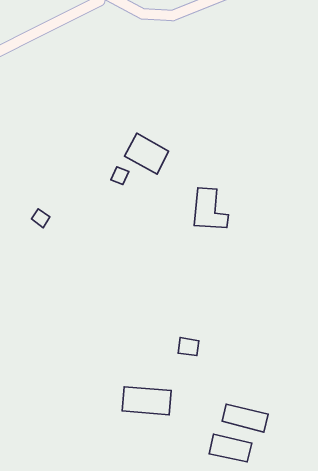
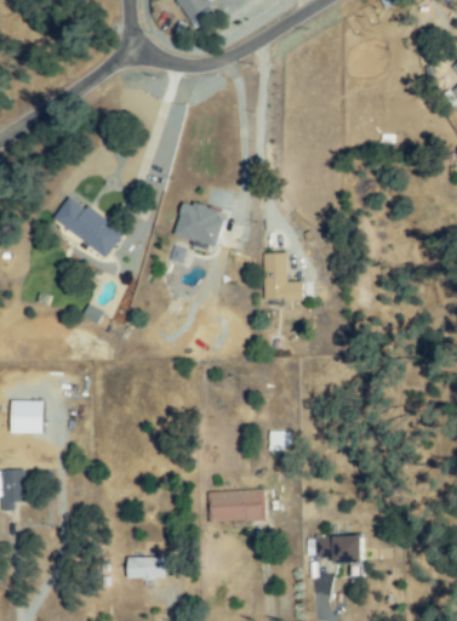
building: none -> [55,198,121,255]
building: [222,404,268,432] -> none
building: none -> [128,559,170,577]

